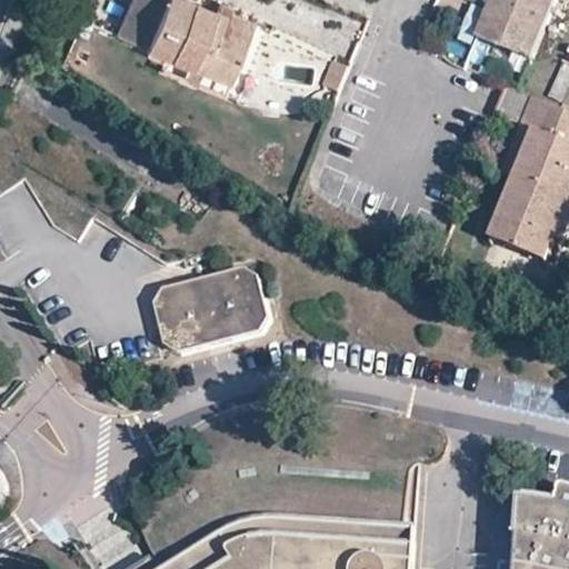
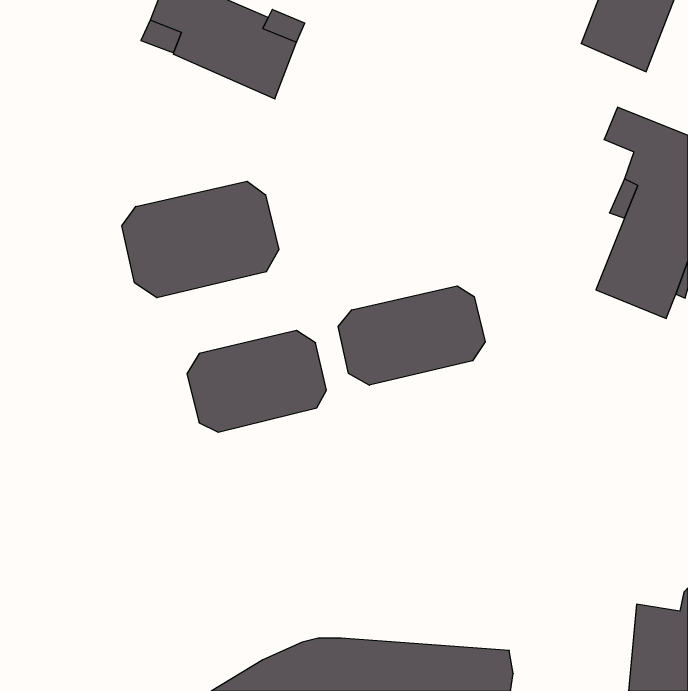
building: none -> [122,181,279,298]
building: none -> [338,286,485,385]

